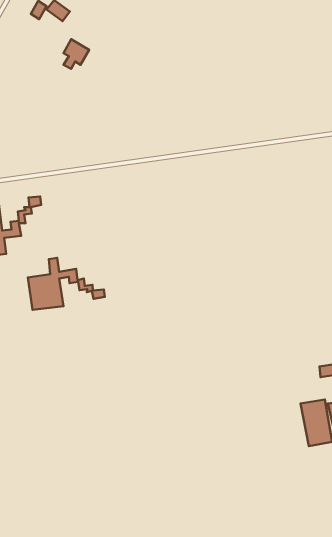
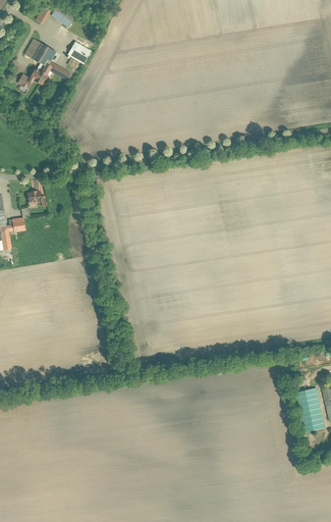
building: none -> [23,39,70,85]
building: [28,258,105,310] -> none

